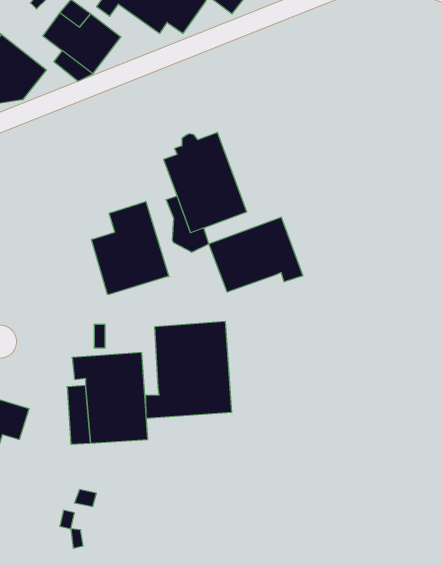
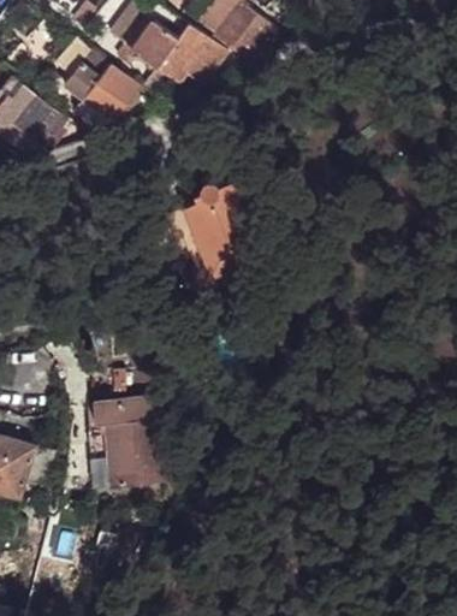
building: [91,201,169,294] -> none
building: [209,217,303,292] -> none
building: [146,321,232,418] -> none

